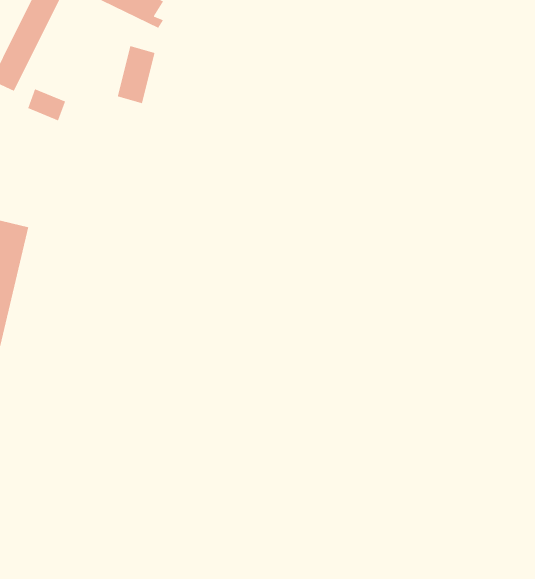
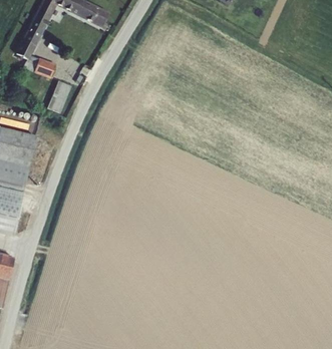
building: [117,45,156,104] -> [50,78,71,110]

